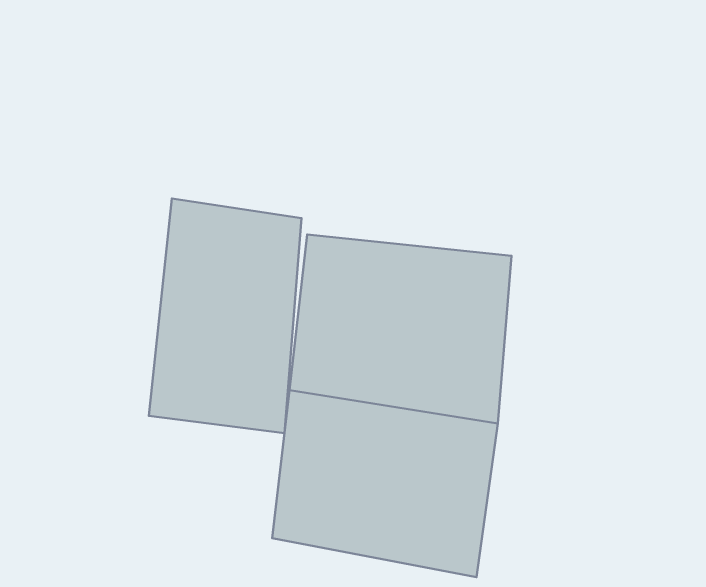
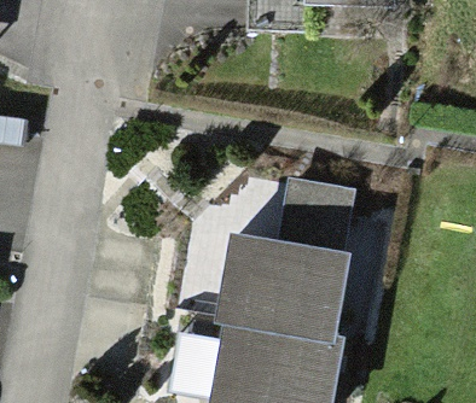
building: [149,198,301,433] -> none

